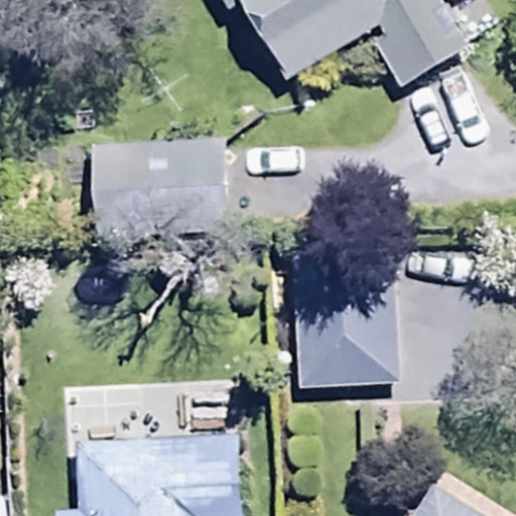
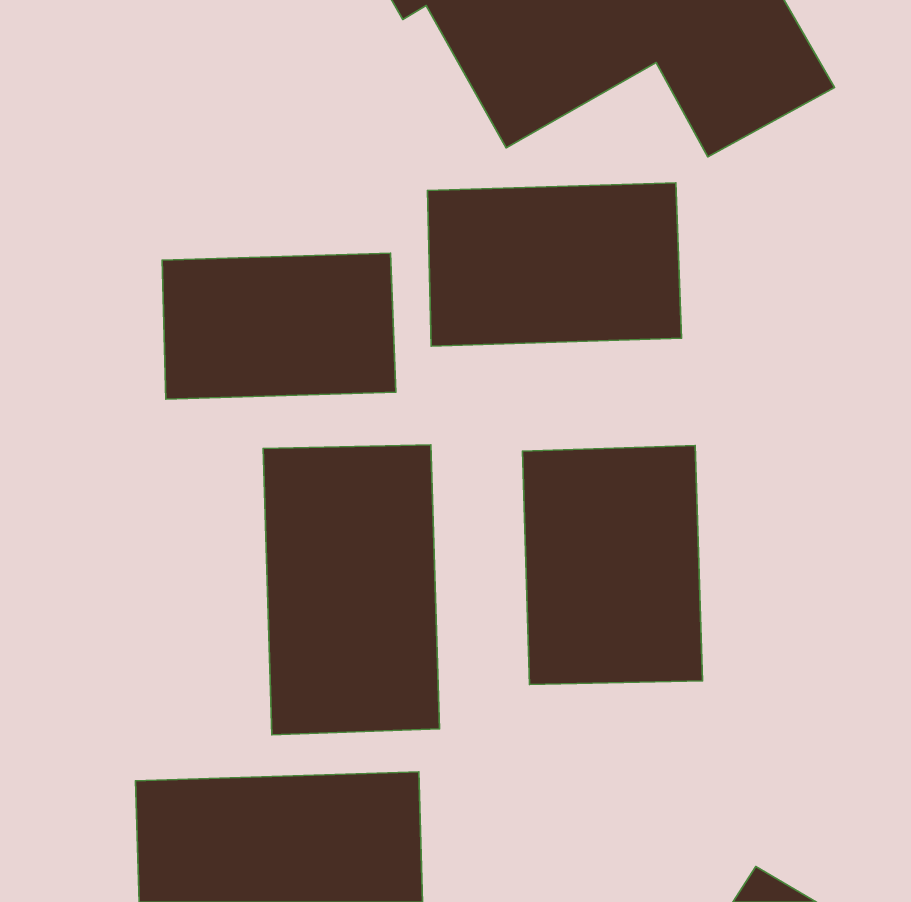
building: none -> [428,183,682,346]
building: none -> [263,445,440,735]

